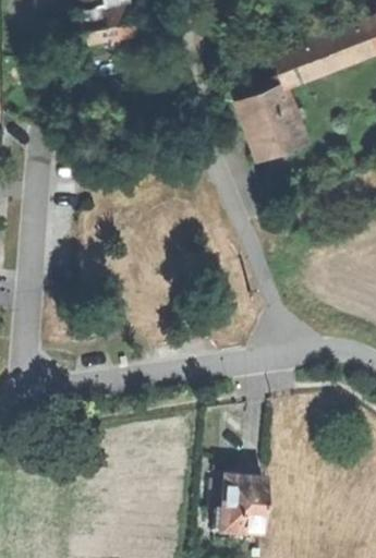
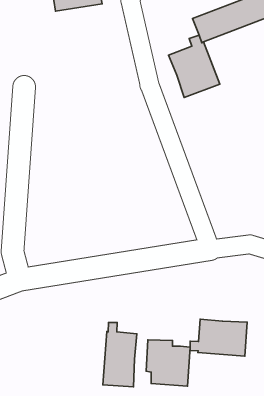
building: none -> [190,319,247,356]
building: none -> [103,323,137,387]

